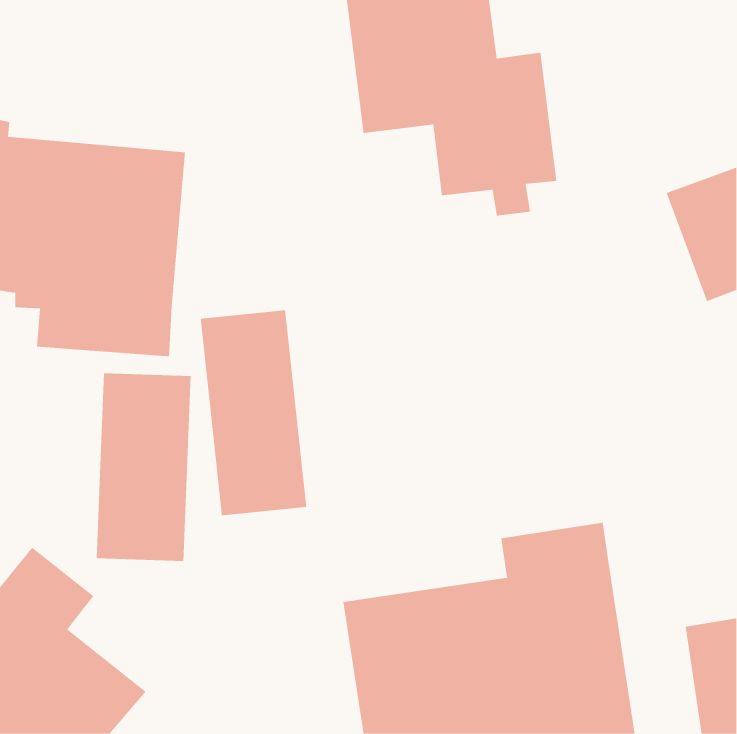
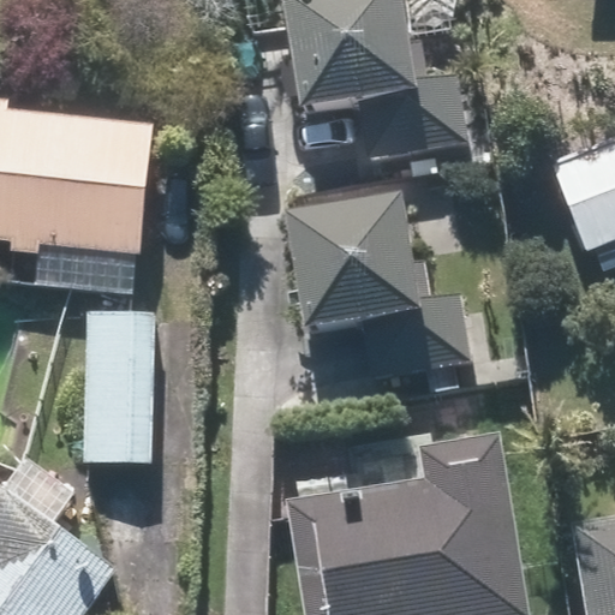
building: none -> [286,201,473,394]
building: [200,310,307,516] -> none

